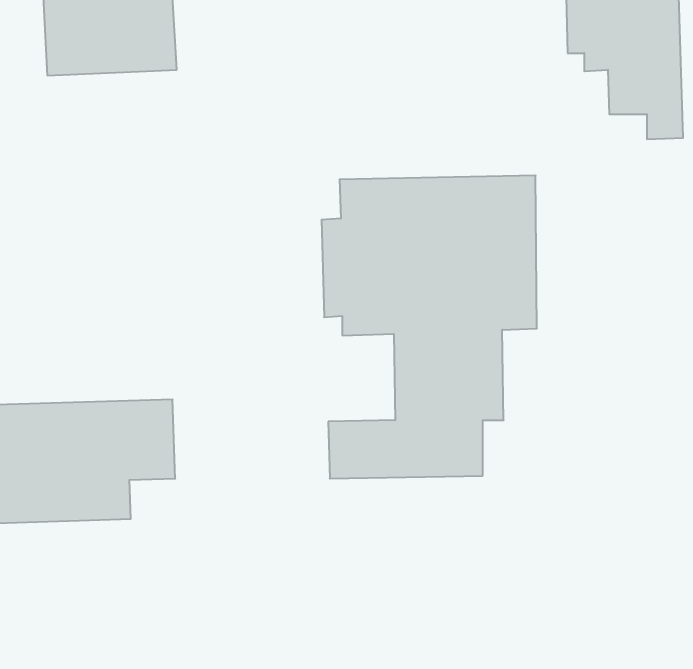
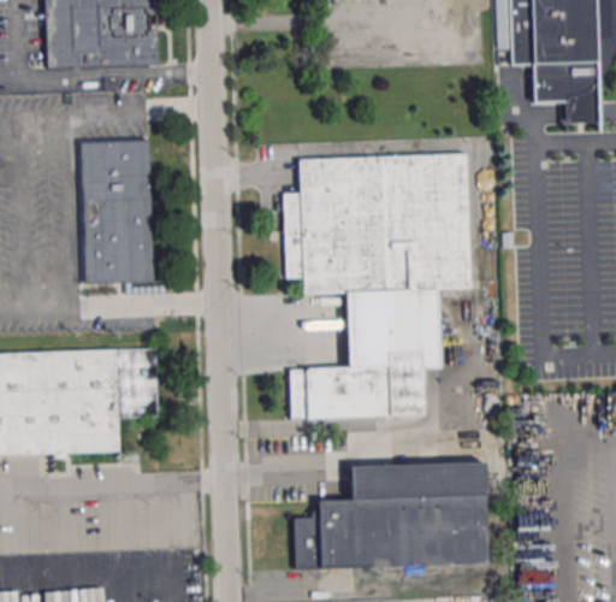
building: none -> [82,141,154,284]
building: none -> [295,462,487,569]

